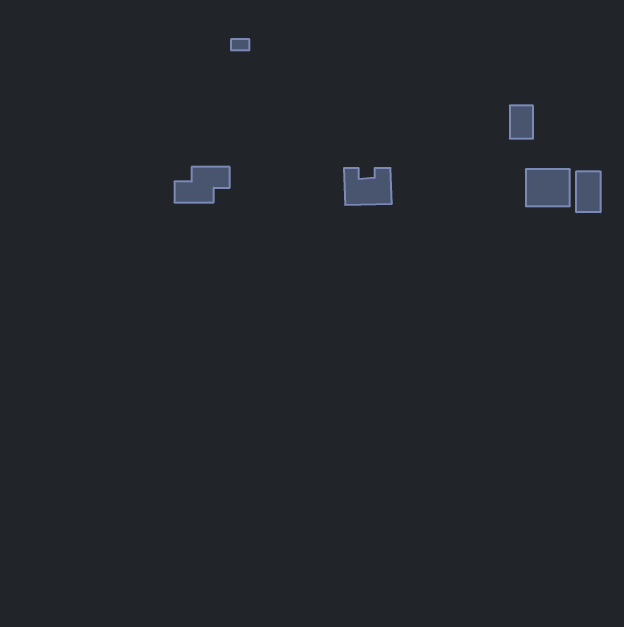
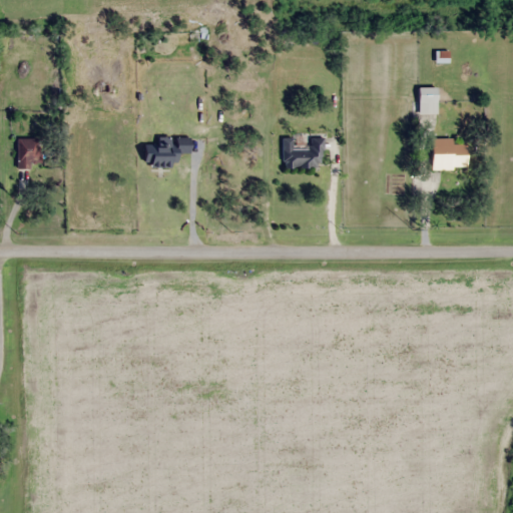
building: none -> [18,137,41,168]
building: [576,171,600,212] -> none

